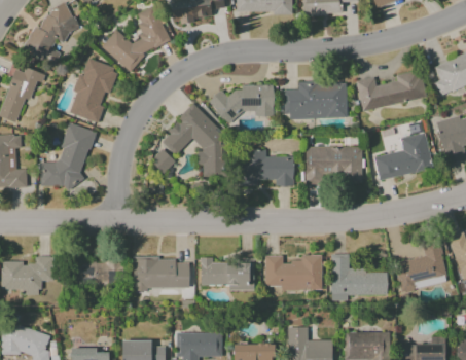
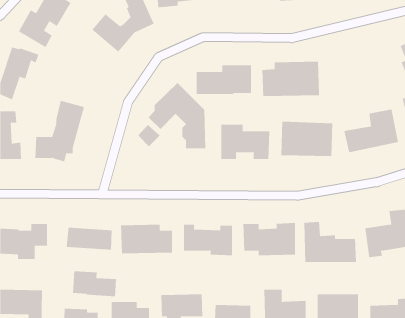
building: [69,58,119,122] -> none
building: [356,69,426,110] -> none
building: none -> [72,271,117,297]

